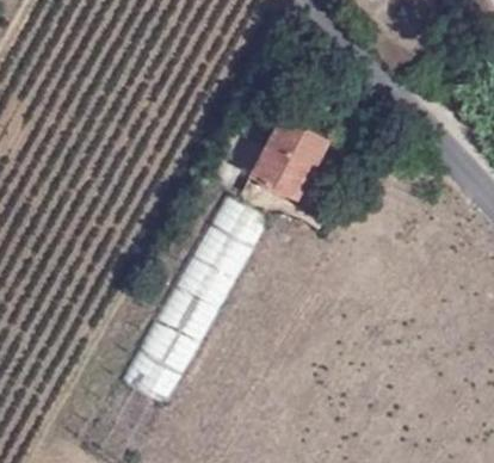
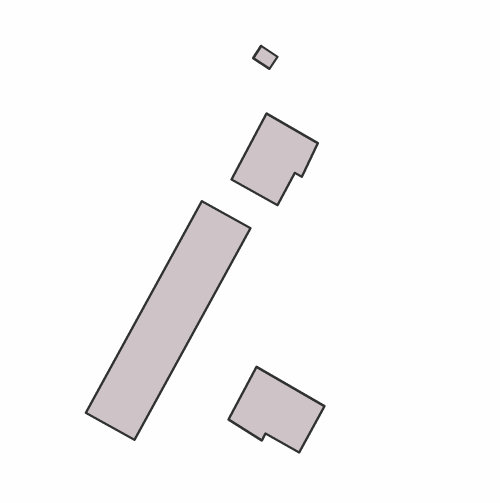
building: none -> [229,367,325,452]

